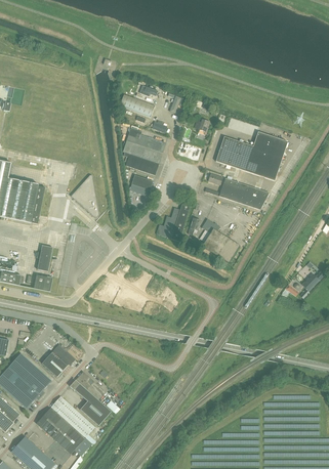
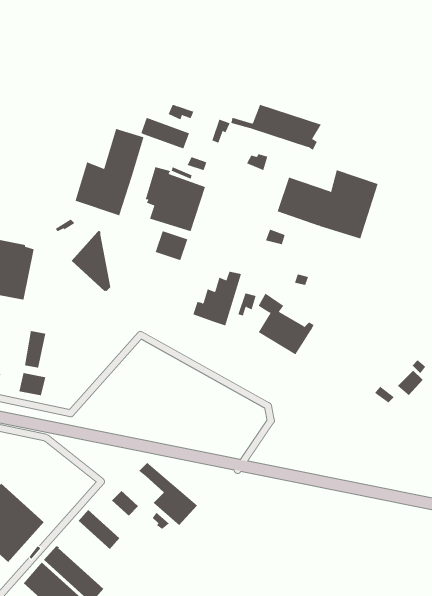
building: none -> [75,128,144,216]
building: [204,178,269,211] -> [230,104,322,151]
building: [41,343,75,377] -> none
building: [69,380,111,425] -> [138,462,198,526]

